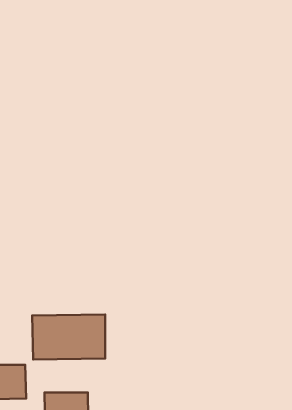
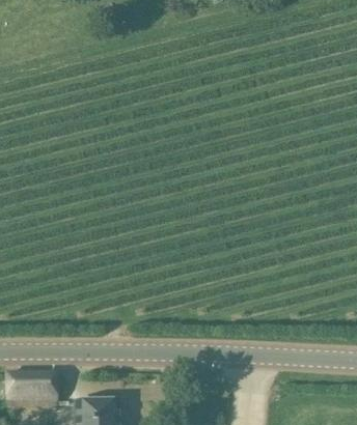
building: [32,314,105,359] -> none

